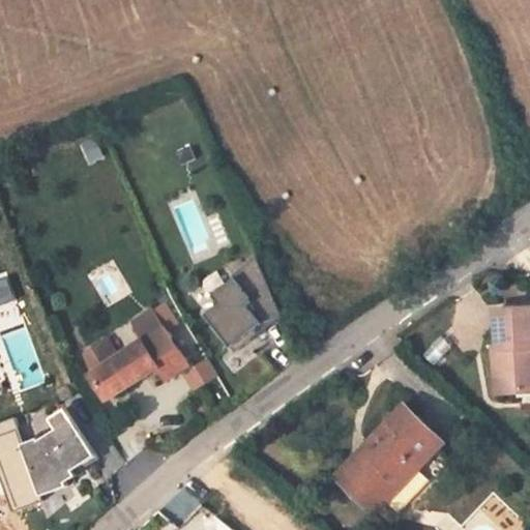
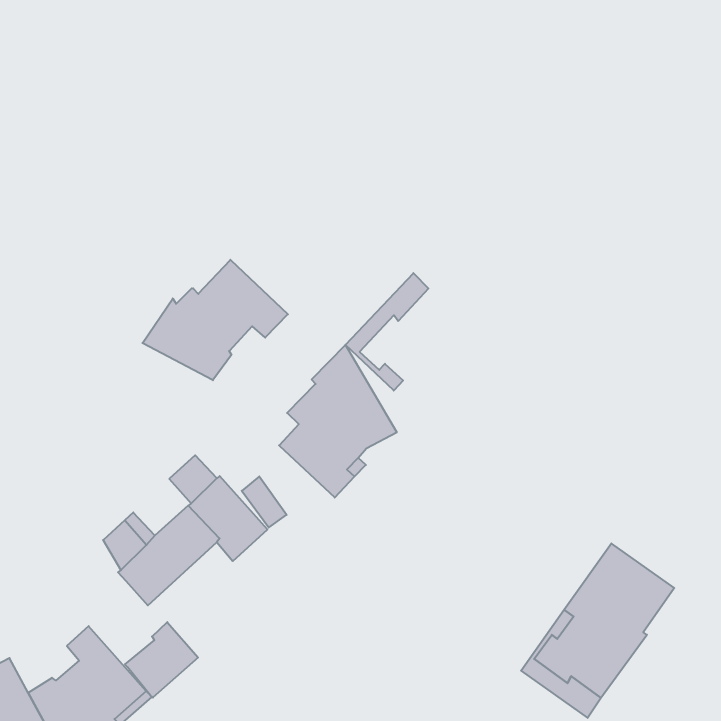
building: none -> [142,260,288,380]
building: none -> [345,273,428,391]
building: none -> [125,622,198,698]

